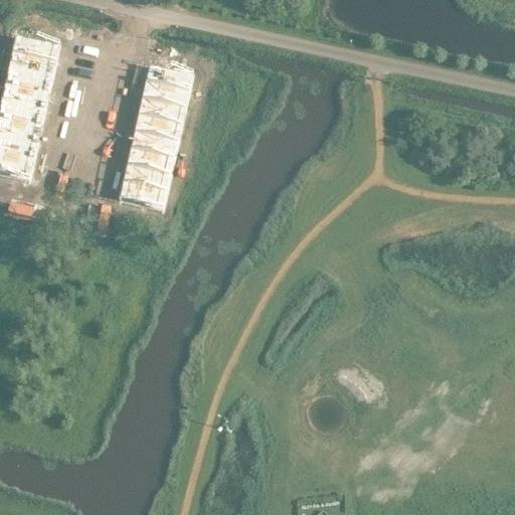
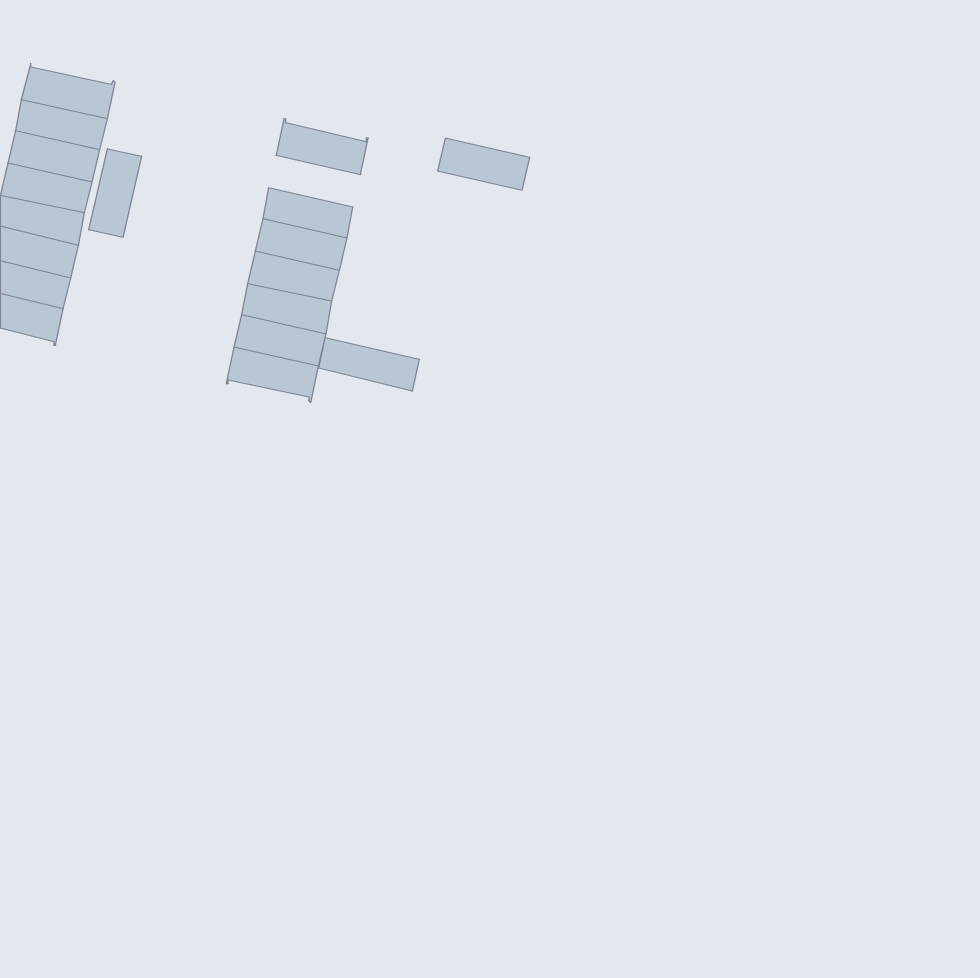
building: none -> [89,149,141,237]
building: [141,81,189,109] -> [438,138,530,190]
building: none -> [319,338,419,391]

